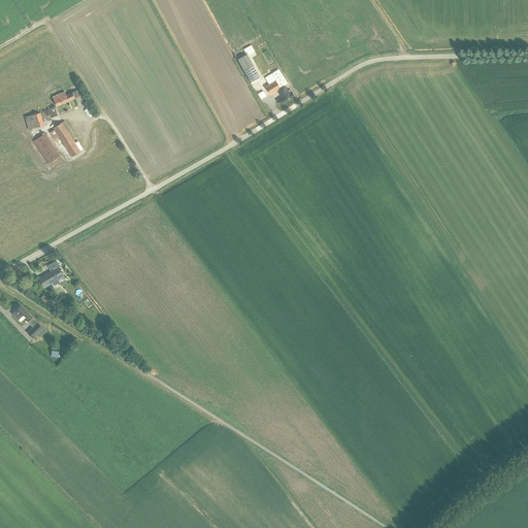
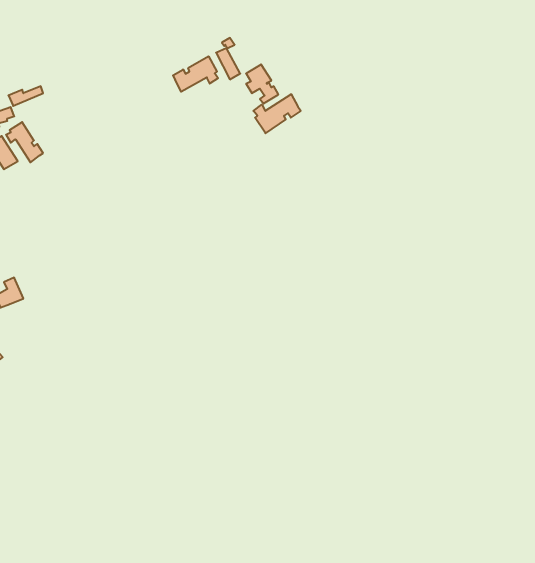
building: none -> [173,56,218,92]
building: none -> [253,94,301,133]

